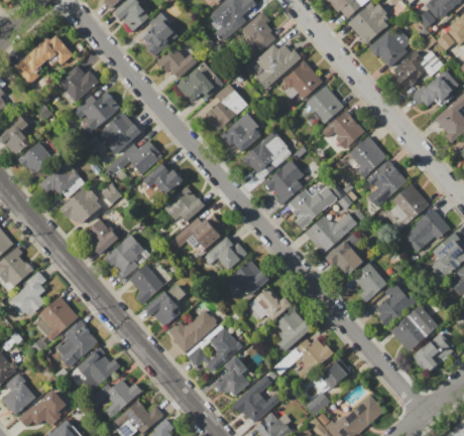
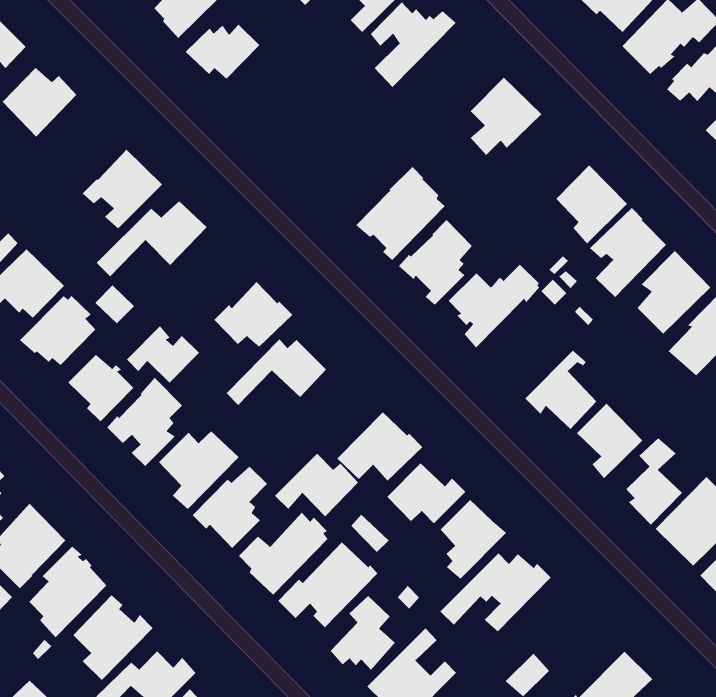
building: [282,60,323,98] -> none
building: [177,61,223,100] -> none
building: [207,84,248,130] -> none
building: [74,91,120,131] -> none
building: [323,110,365,149] -> none
building: [222,112,261,152] -> none
building: [144,162,184,193] -> [126,325,200,383]
building: [305,211,358,253] -> none
building: [203,236,248,270] -> [274,453,359,517]
building: [320,358,350,388] -> none

